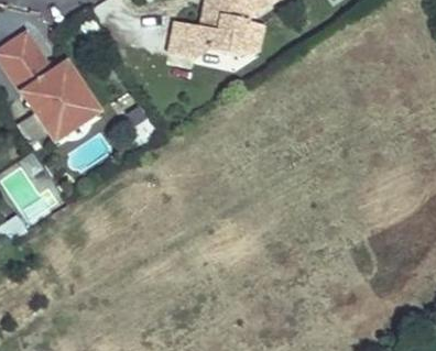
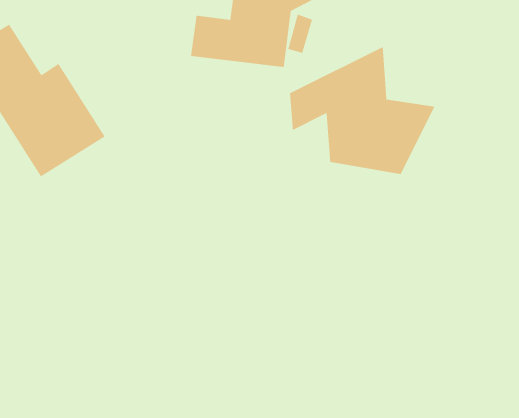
building: none -> [290,46,435,175]

